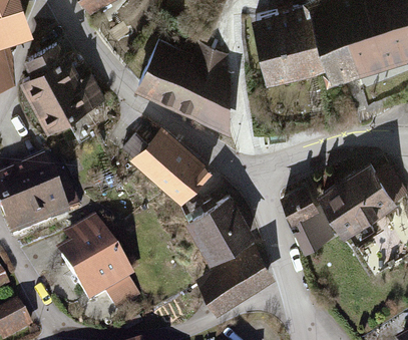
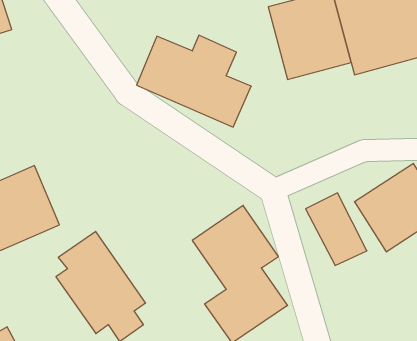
building: [22,44,101,135] -> none
building: [133,128,214,205] -> none

